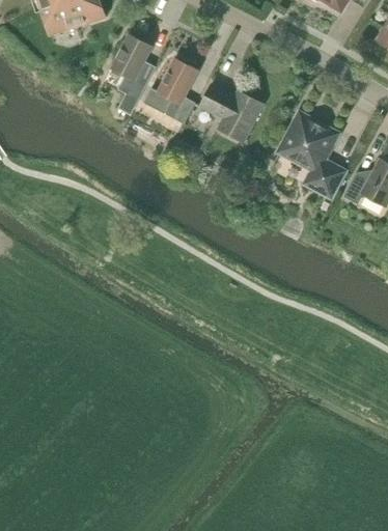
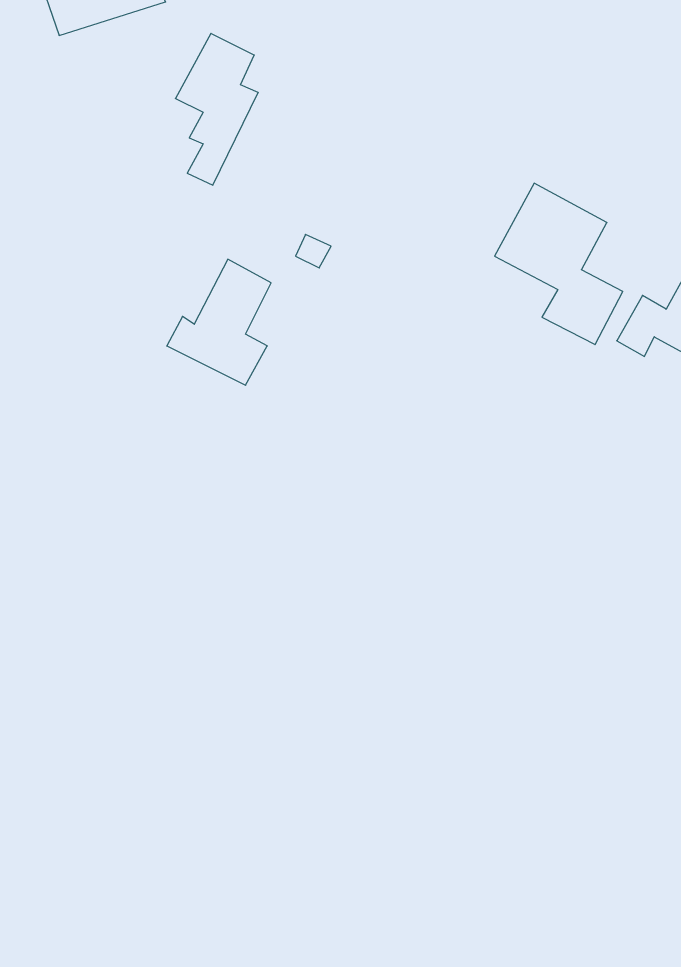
building: [142,57,197,123] -> [167,259,271,385]
building: [199,84,262,141] -> none

